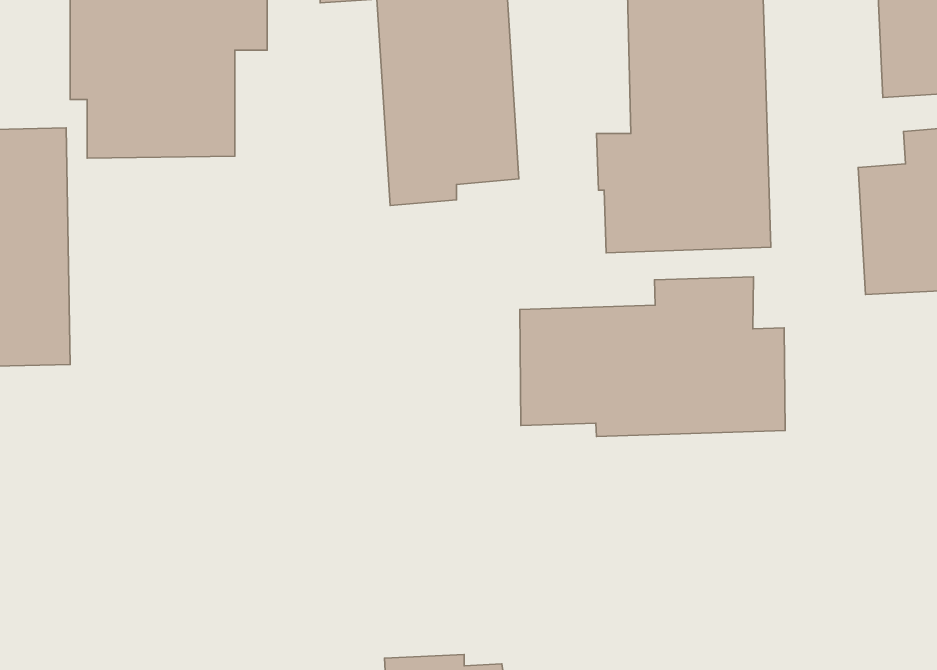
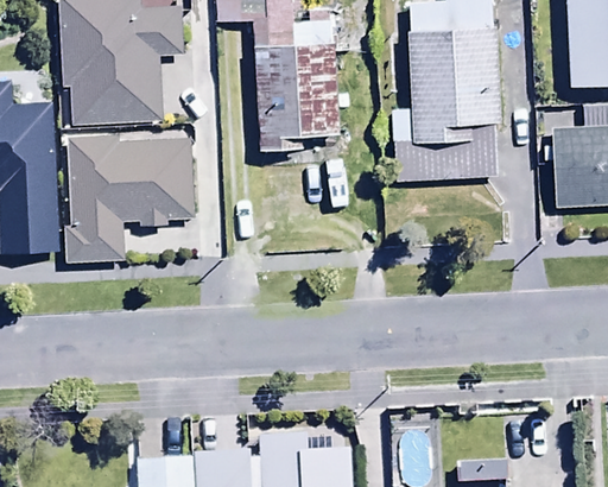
building: none -> [63,134,192,265]
building: [520,277,785,436] -> none

